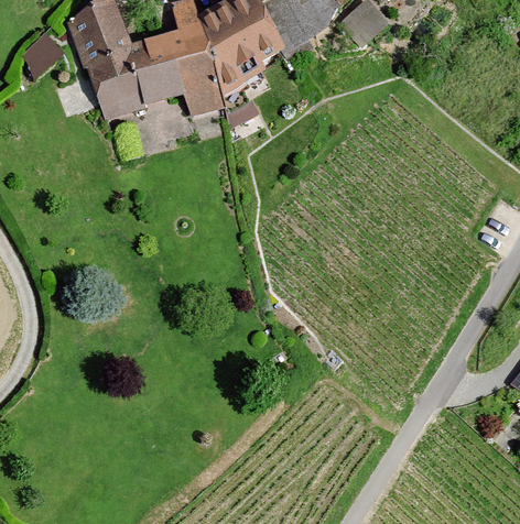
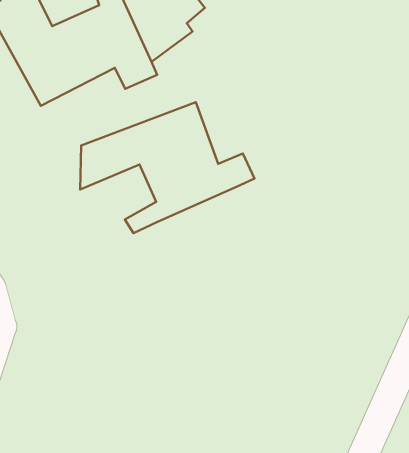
building: none -> [80,102,254,233]

